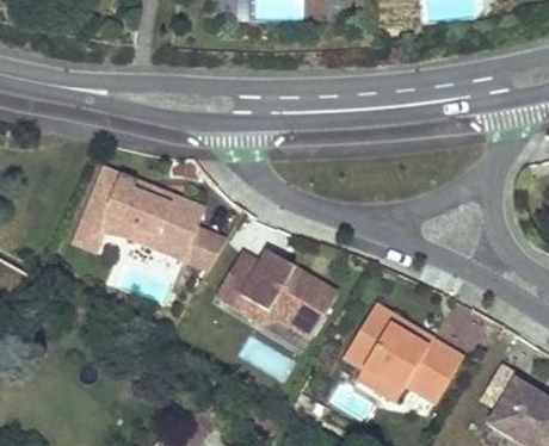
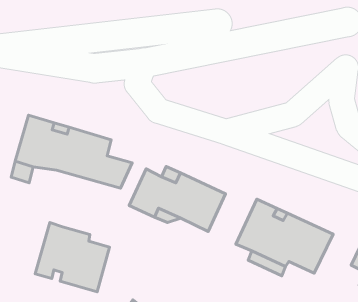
building: none -> [35,223,109,292]

